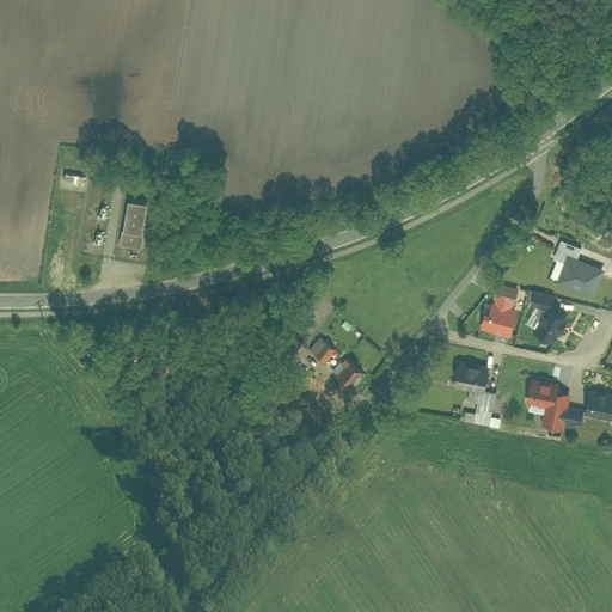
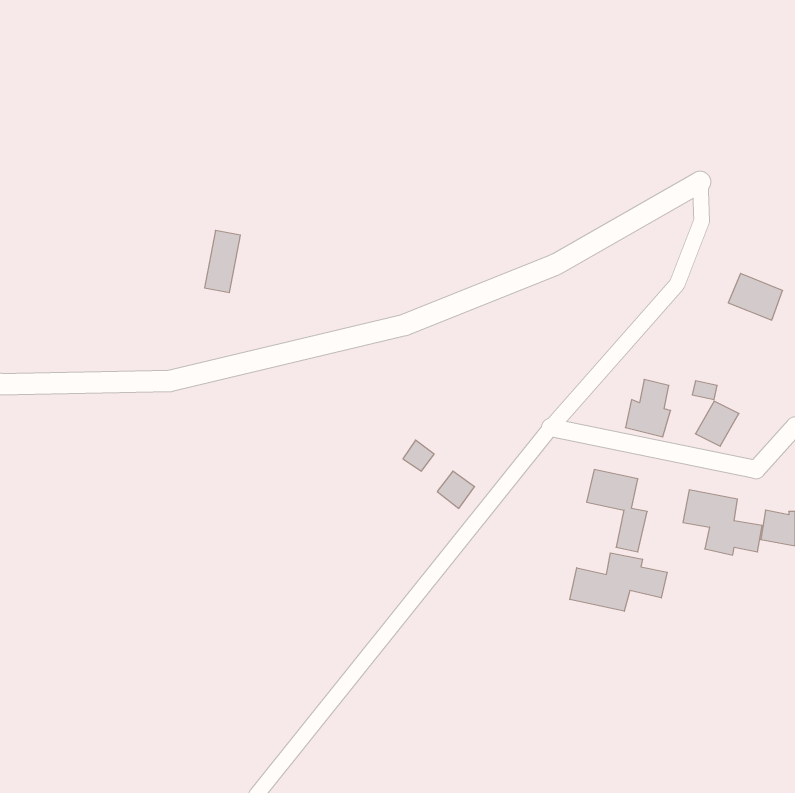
building: [121,201,148,249] -> [205,230,240,293]
building: [559,257,601,293] -> [728,273,783,320]
building: none -> [570,553,667,611]

